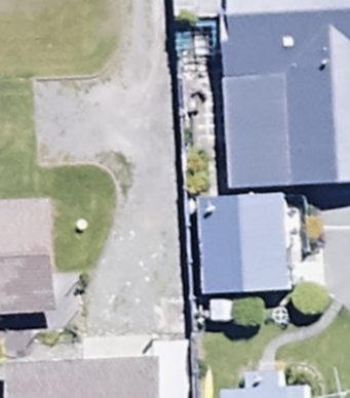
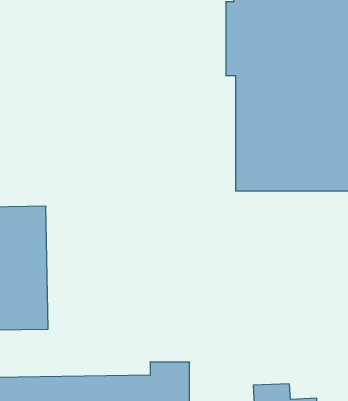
building: [198,195,288,291] -> none

